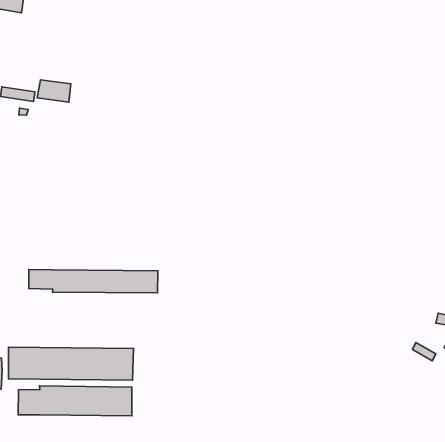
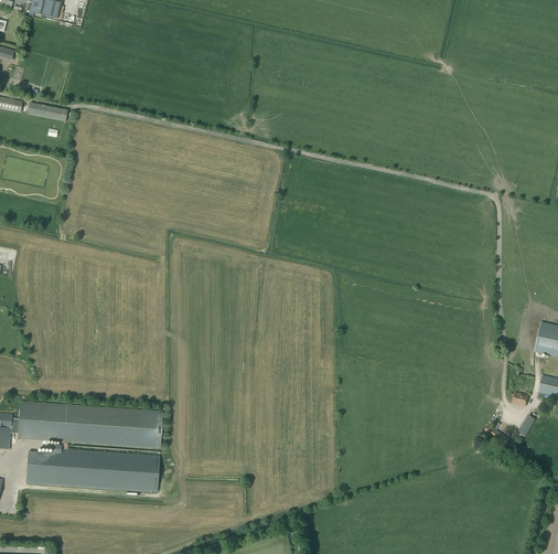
building: [37,80,71,102] -> none
building: [29,269,158,293] -> none

